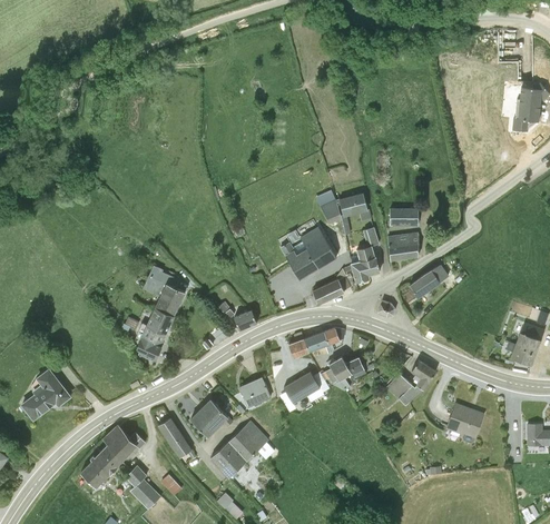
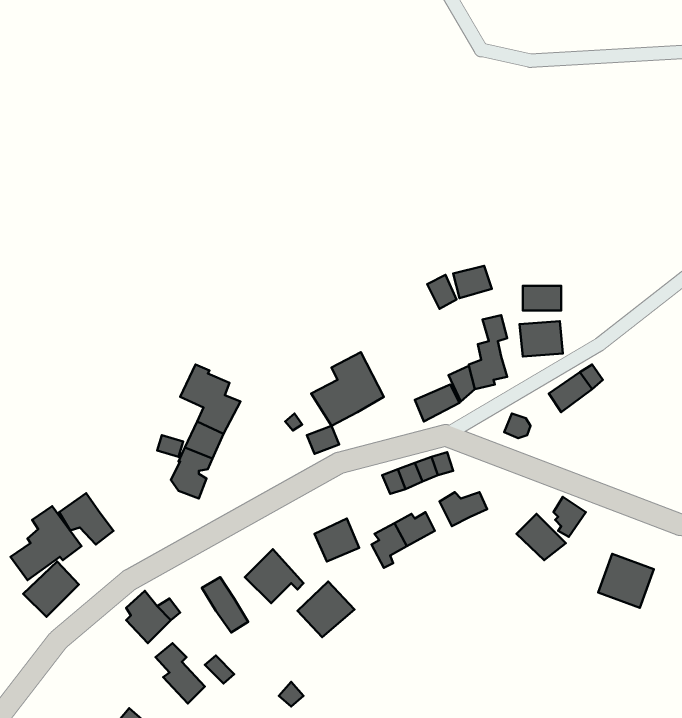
building: [285,227,337,280] -> [311,352,384,426]
building: none -> [59,493,114,544]
building: [210,443,245,477] -> none
building: [79,449,119,490] -> [23,561,79,617]

